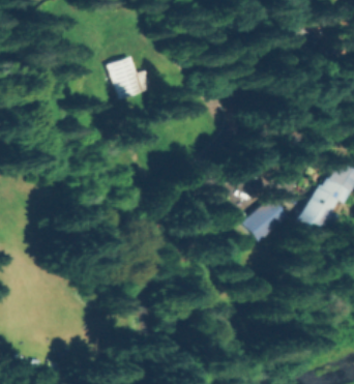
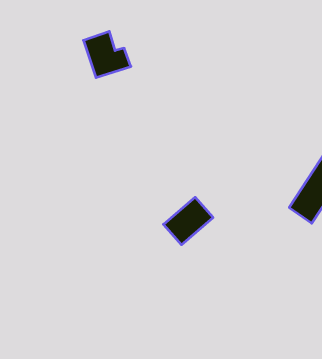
building: [243,200,289,243] -> [163,197,213,245]

